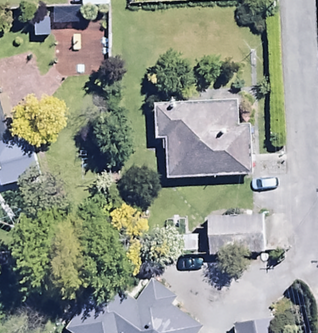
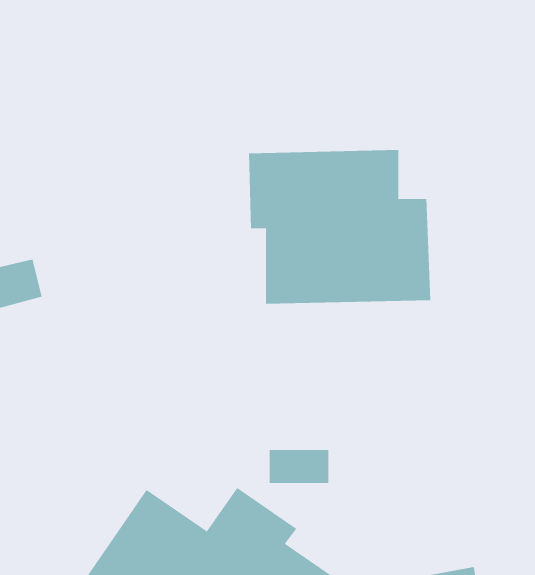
building: [207,210,265,254] -> none

